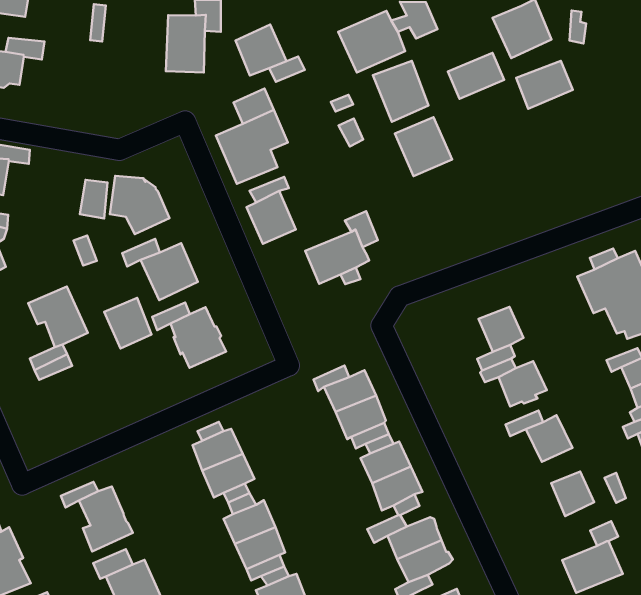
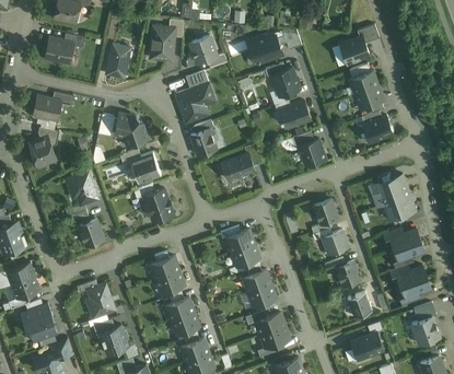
building: none -> [105,44,129,78]
building: [448,53,504,99] -> [348,83,379,107]
building: none -> [356,110,387,139]
building: none -> [292,135,322,163]
building: [104,298,152,349] -> [78,220,103,247]

